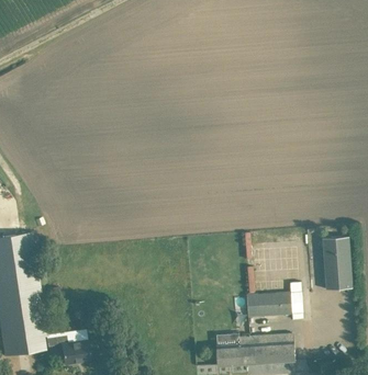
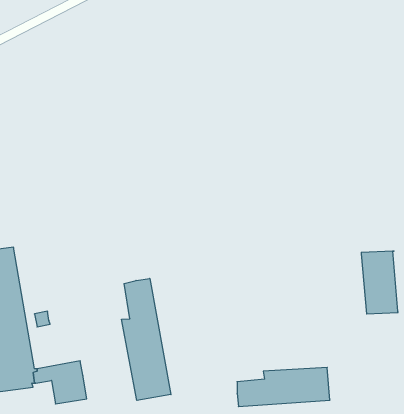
building: none -> [122,278,171,400]
building: [236,285,292,320] -> none

